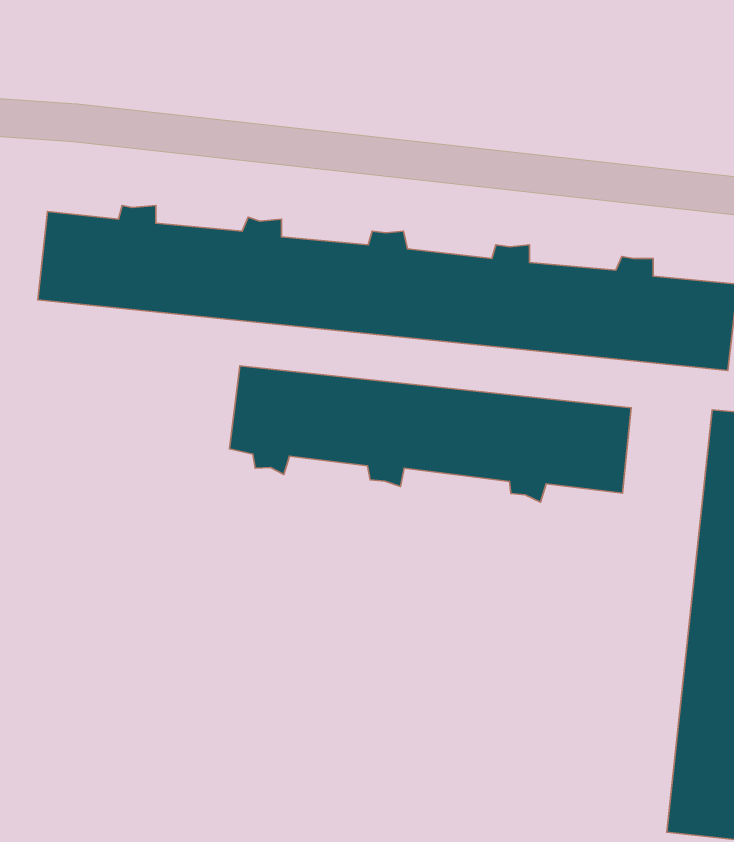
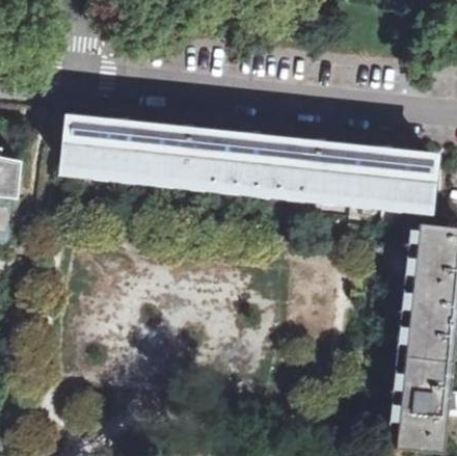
building: [230,366,631,502] -> none

